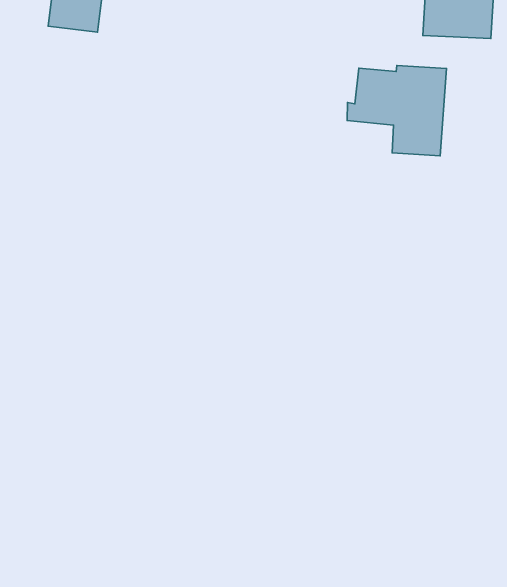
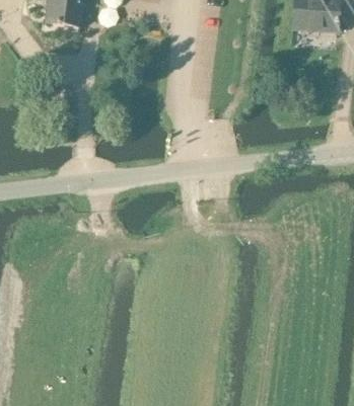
building: [347,66,447,156] -> none

